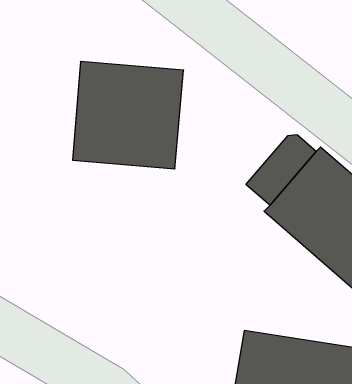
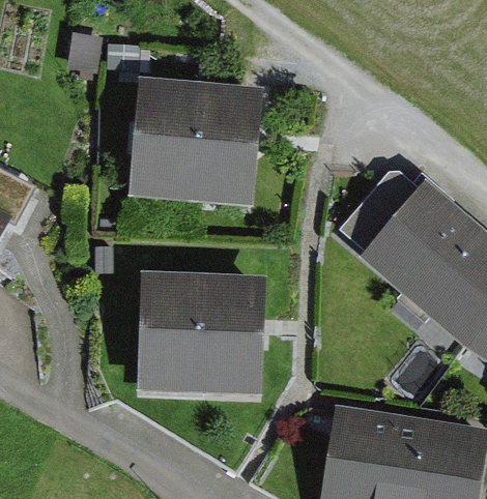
building: none -> [138,274,266,397]

